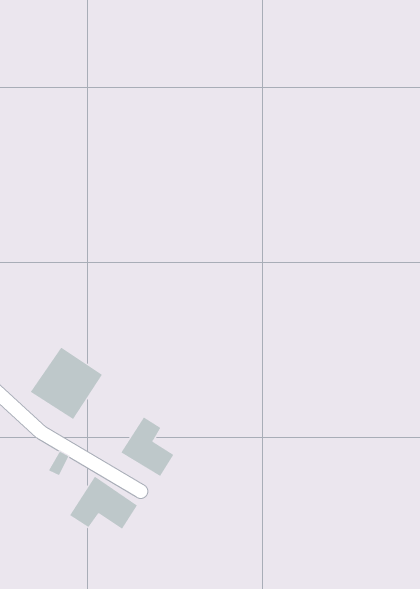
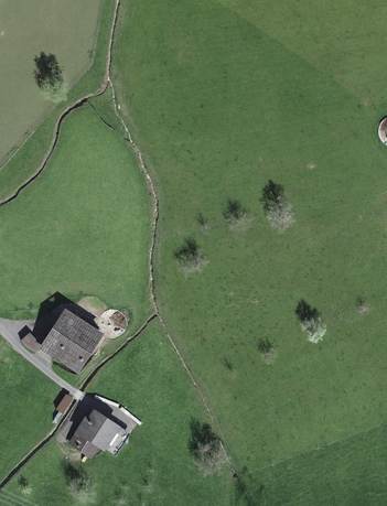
building: [121,416,174,477] -> none

